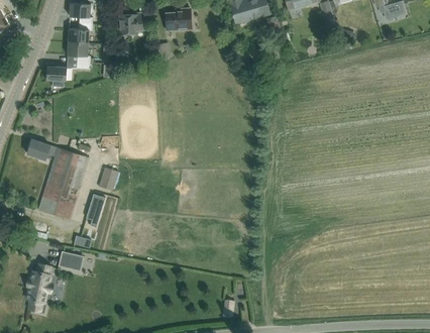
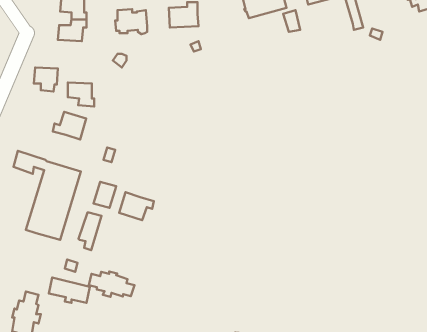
building: [67,41,90,63] -> [68,82,94,106]
building: none -> [53,112,86,140]
building: none -> [119,192,154,220]
building: none -> [89,272,134,297]

